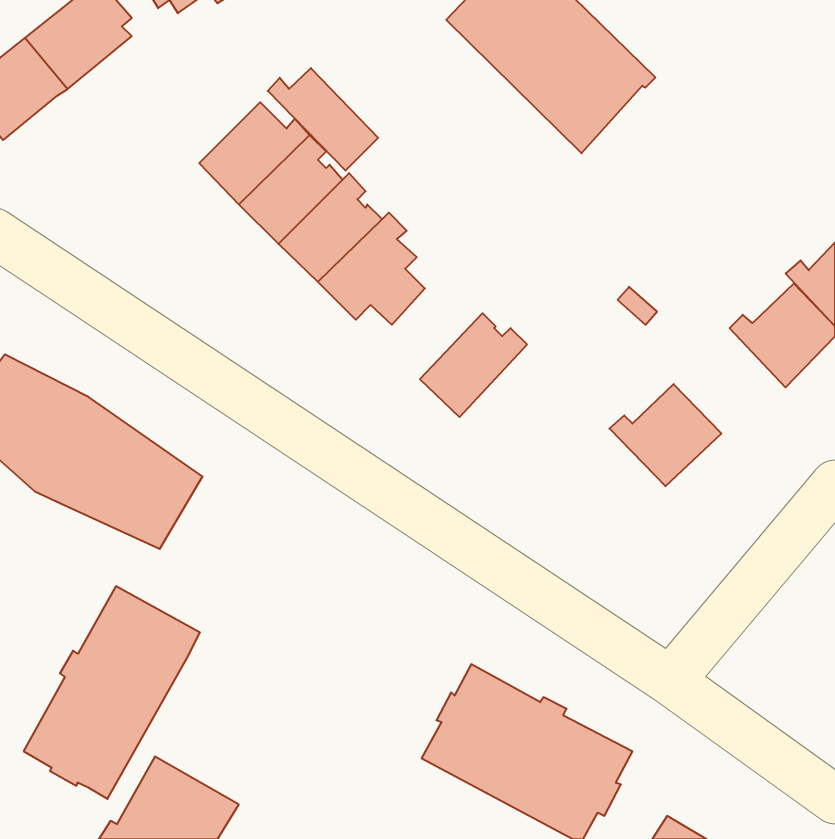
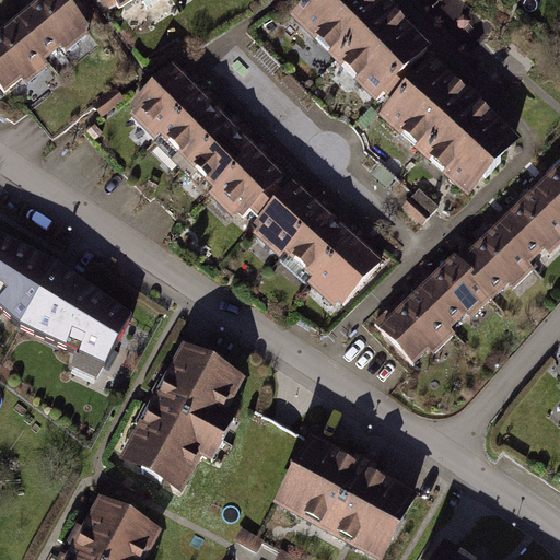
building: [268,68,378,171] -> none
building: none -> [380,57,520,192]
building: none -> [250,184,324,250]
building: none -> [446,223,522,292]
building: none -> [306,229,373,303]
building: none -> [368,290,442,359]
building: [24,586,200,799] -> [125,351,242,492]

